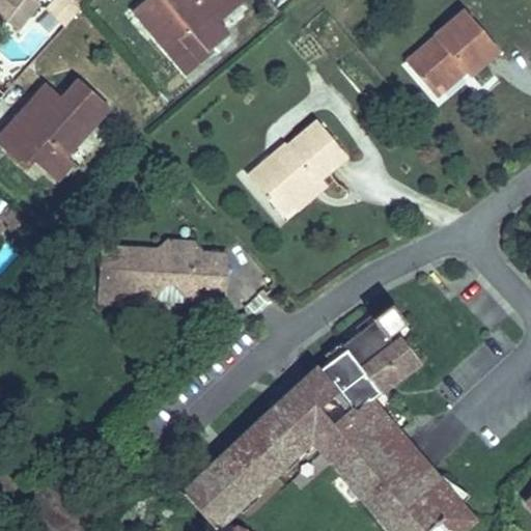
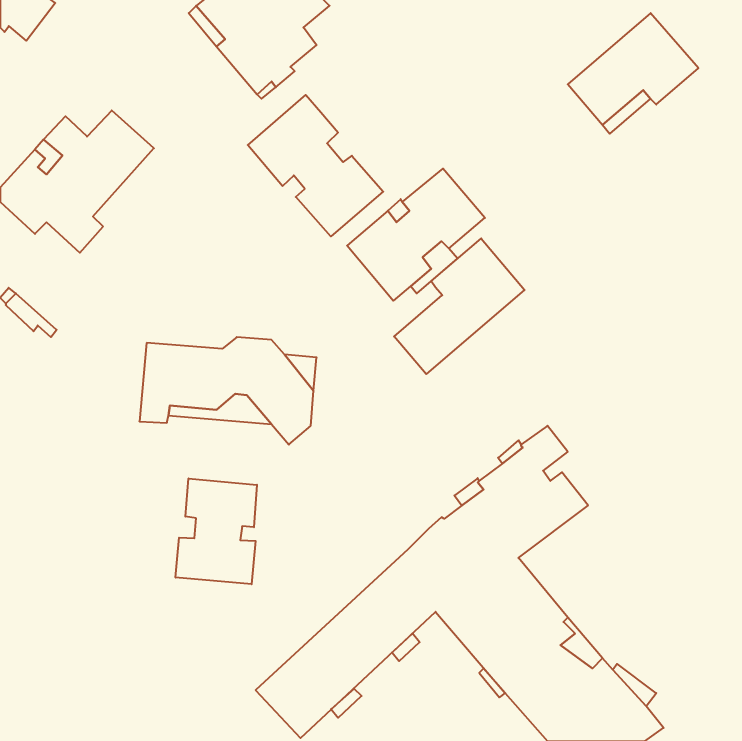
building: none -> [248,95,383,236]
building: none -> [394,238,525,374]
building: none -> [176,478,257,584]

